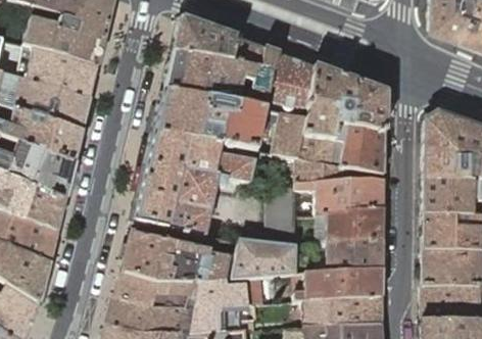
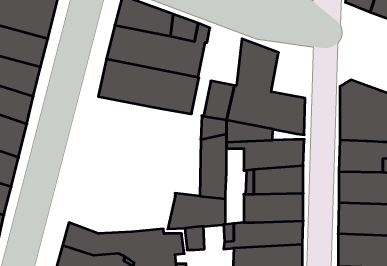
building: [266,54,315,118] -> none
building: [347,82,385,133] -> none
building: [134,131,257,235] -> none
building: [122,232,232,284] -> none

